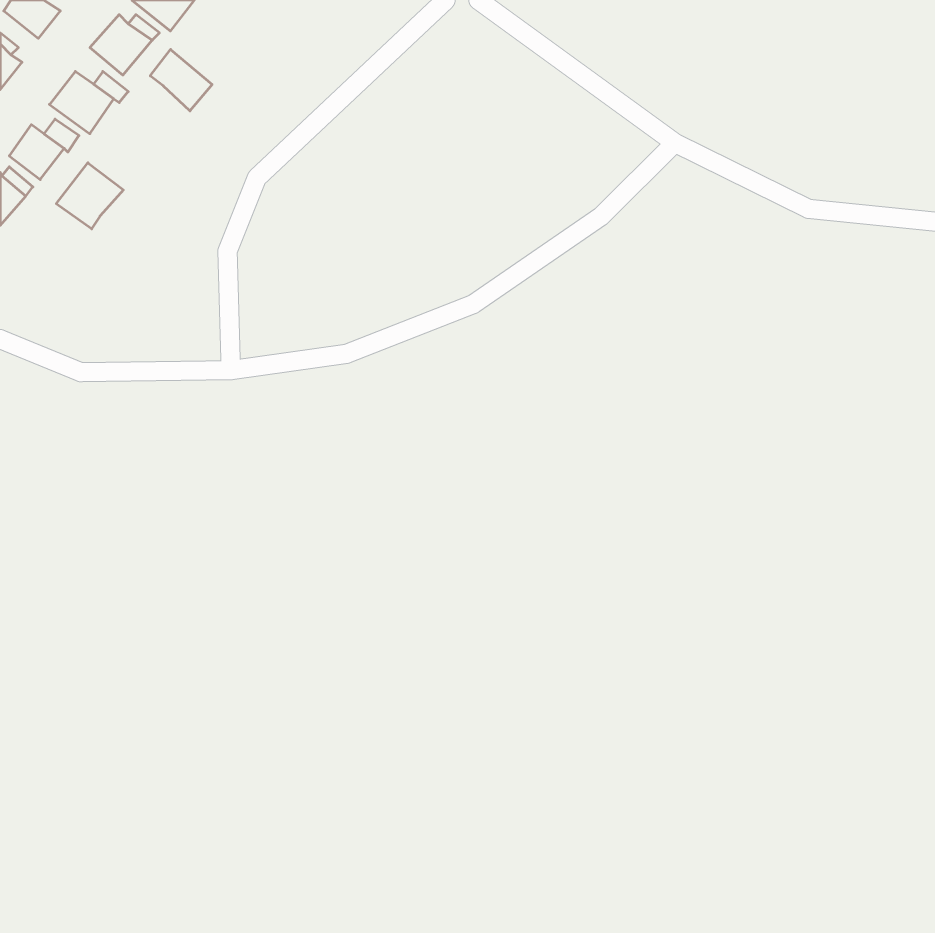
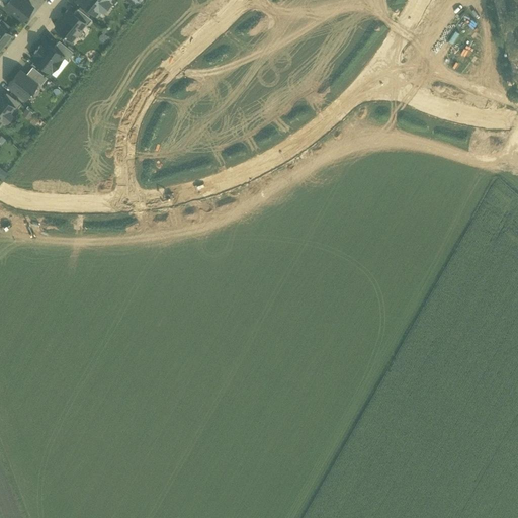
building: [150,49,212,111] -> none
building: [56,163,123,229] -> none

